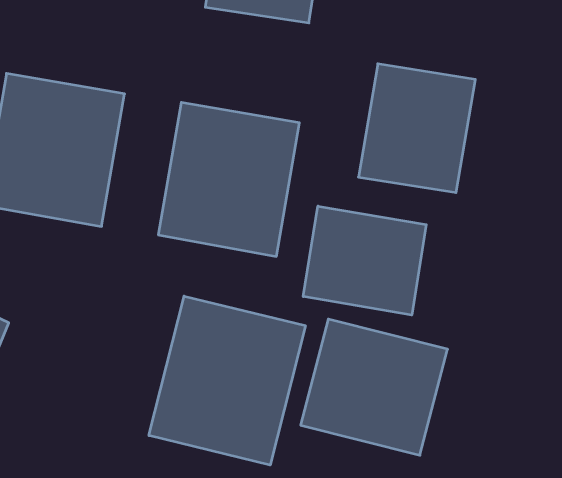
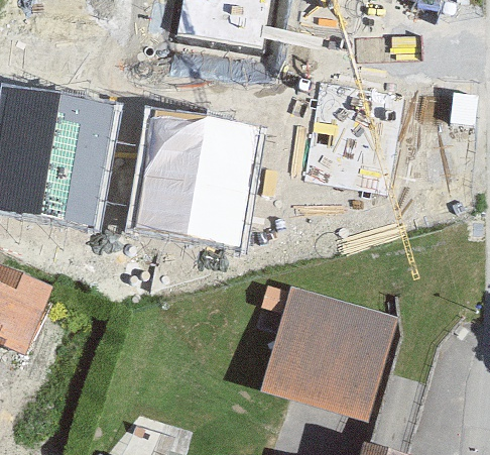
building: [303,206,426,315] -> none
building: [149,296,305,465] -> none

